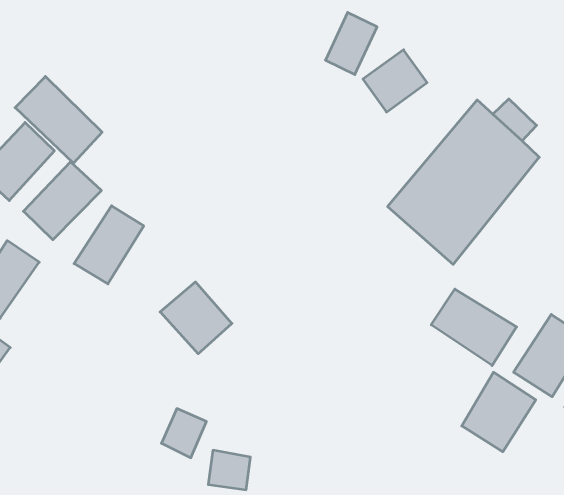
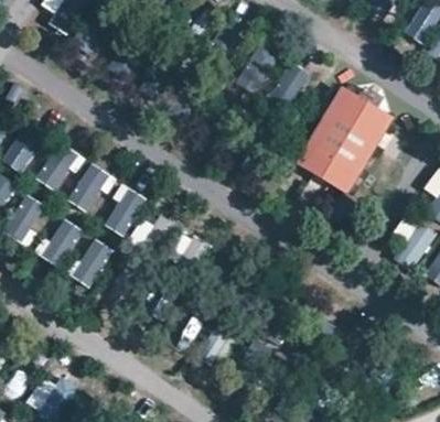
building: [15,76,102,163] -> none
building: none -> [71,238,114,289]
building: [431,289,517,366] -> none
building: [462,372,536,452] -> none

